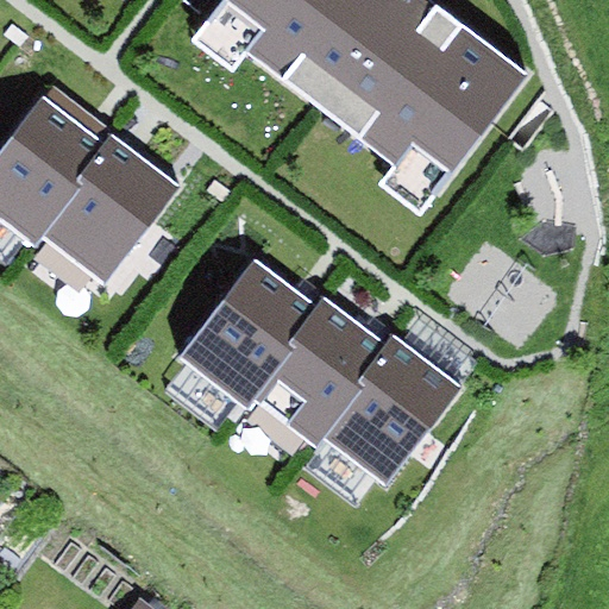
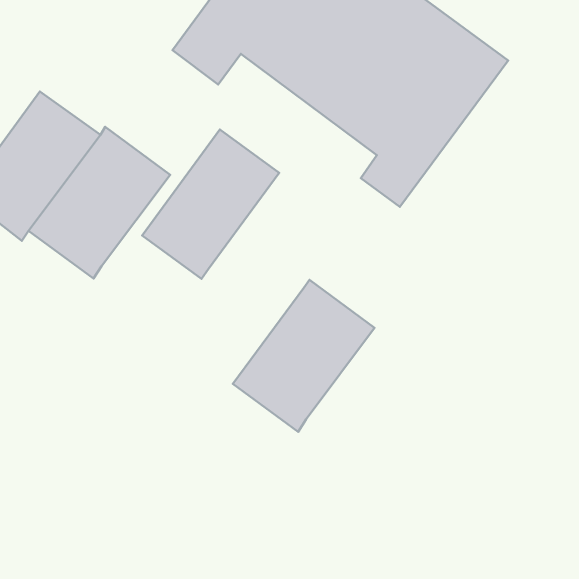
building: [174,255,316,410] -> [142,129,279,279]
building: [319,333,466,489] -> none

